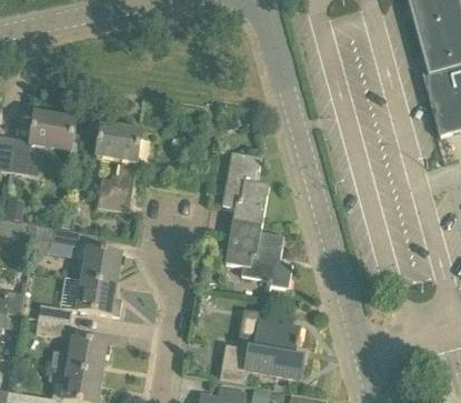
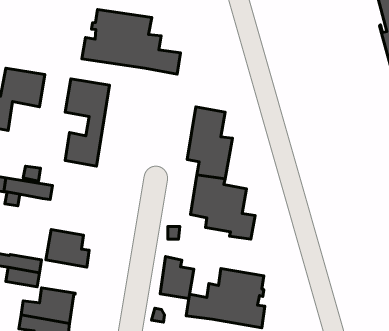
building: none -> [82,10,181,74]
building: [82,246,122,283] -> none
building: none -> [160,257,194,298]

